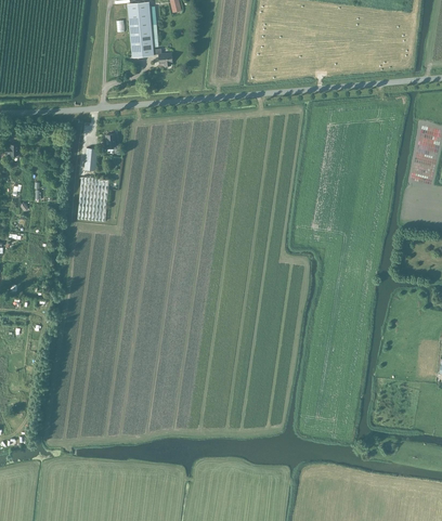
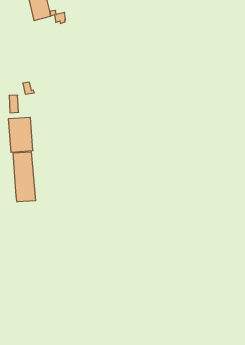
building: none -> [13,152,35,202]

